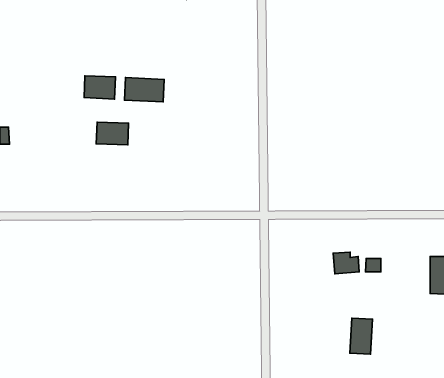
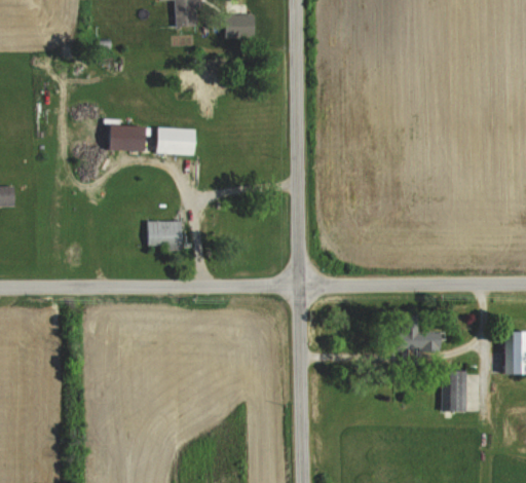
building: [96,122,129,145] -> [150,221,187,247]
building: [350,318,372,354] -> [448,371,474,412]

